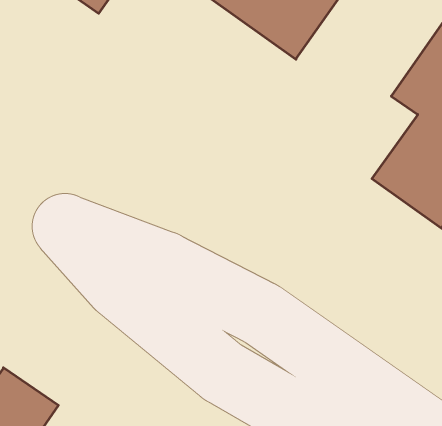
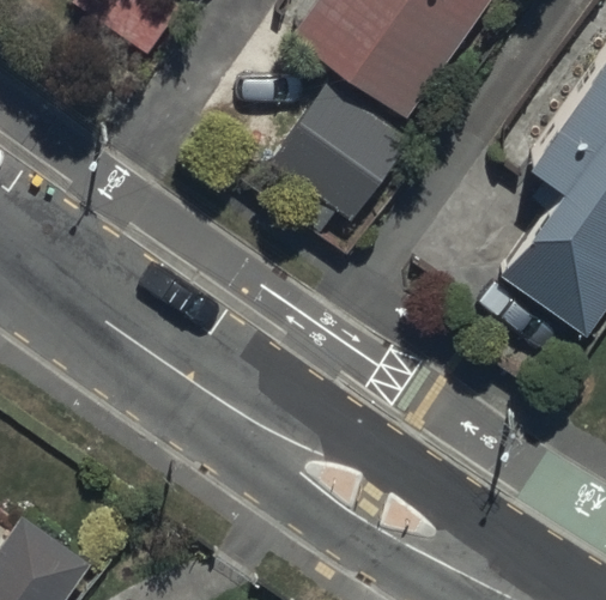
building: none -> [267,84,411,228]

